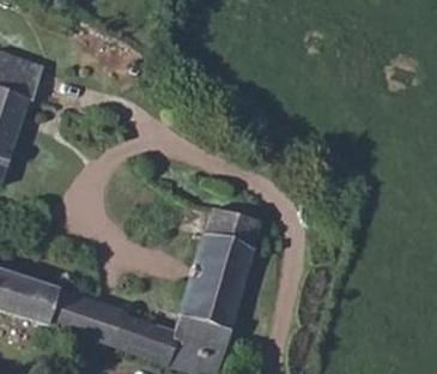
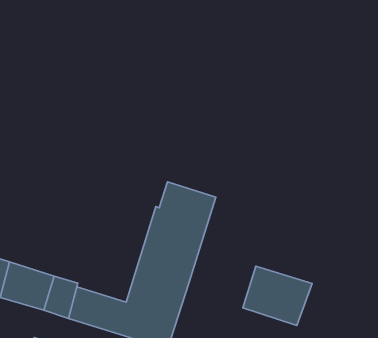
building: none -> [243,266,312,326]

